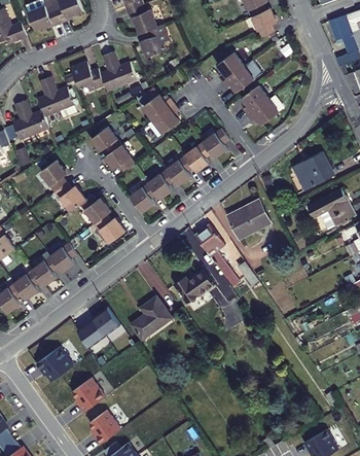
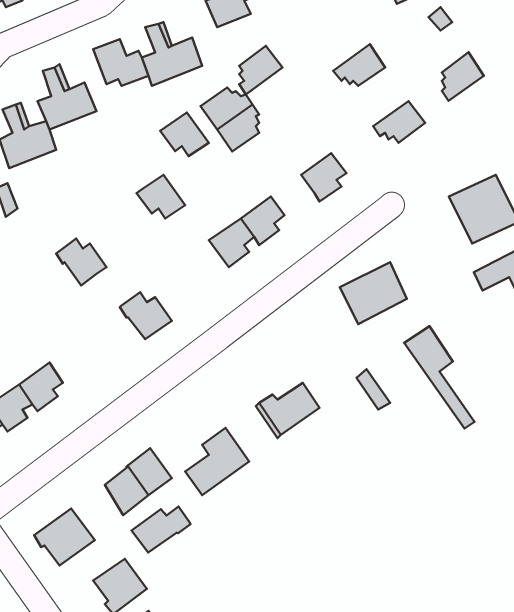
building: [216,50,243,80] -> [239,46,283,94]
building: [241,84,266,114] -> [442,52,484,101]
building: [86,126,116,152] -> [160,113,209,156]
building: [182,144,209,174] -> none
building: [37,161,63,192] -> none
building: [125,184,153,214] -> none
building: [75,197,107,224] -> none
building: [192,224,236,287] -> [404,326,475,428]
building: [46,247,73,276] -> none
building: none -> [132,506,190,552]

